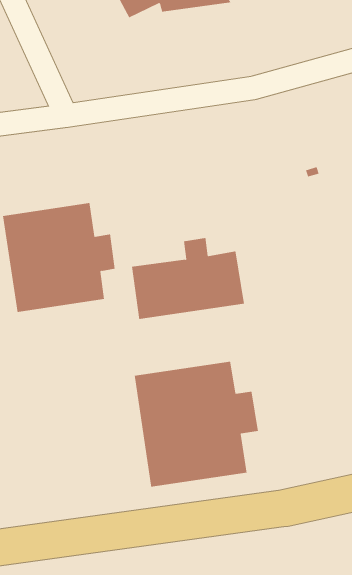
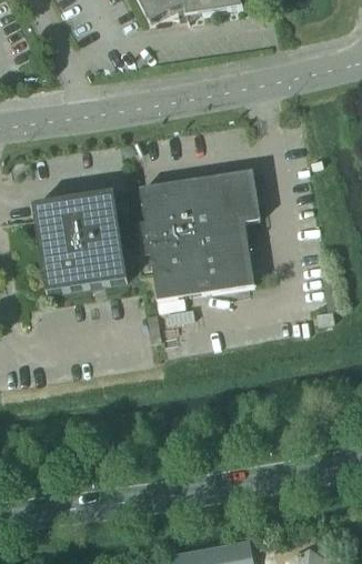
building: none -> [132,170,261,252]
building: [134,361,258,487] -> none

